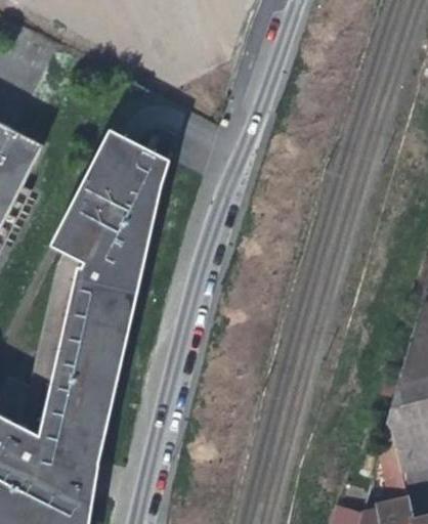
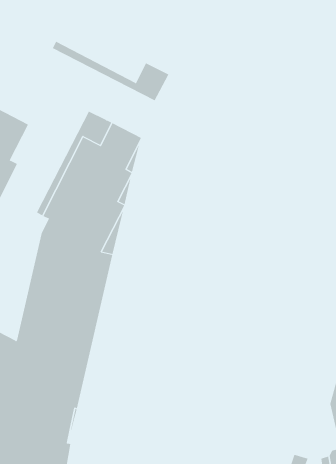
building: none -> [52,41,169,101]

